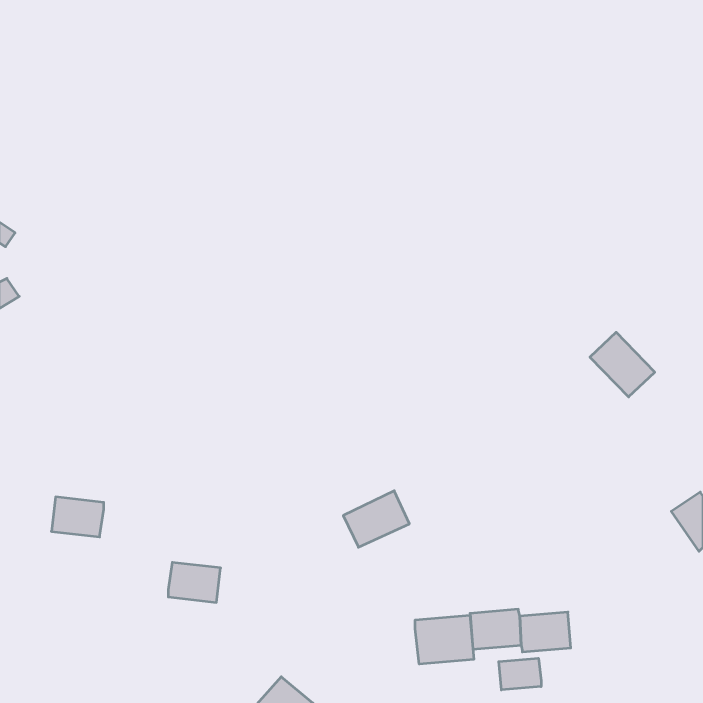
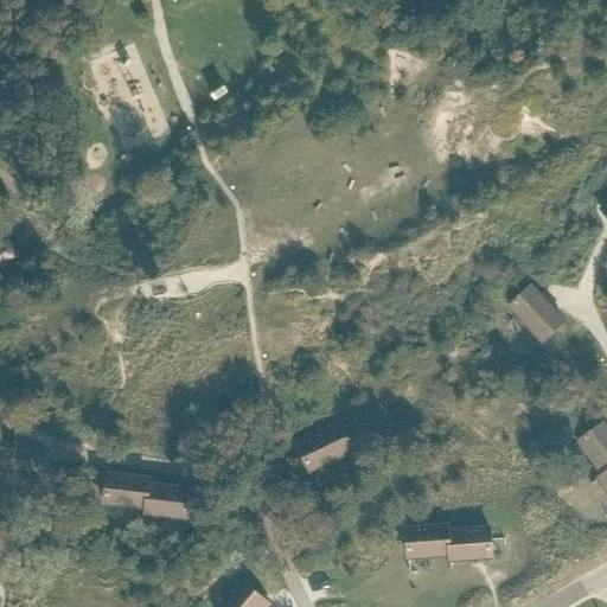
building: [51,497,104,537] -> [103,474,148,509]
building: [415,615,474,664] -> none
building: [499,658,541,690] -> none

